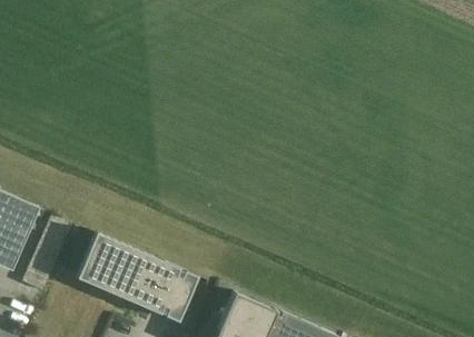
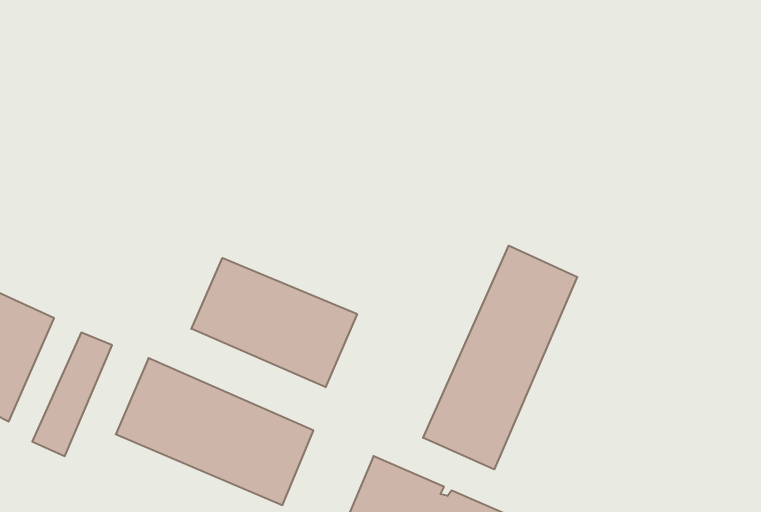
building: none -> [423,246,577,469]
building: none -> [191,258,357,387]

